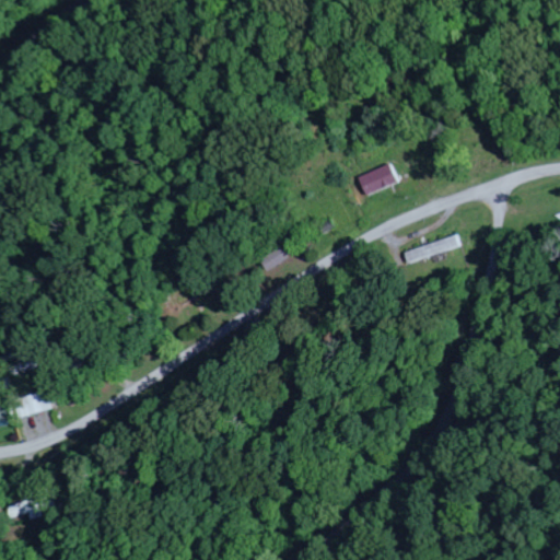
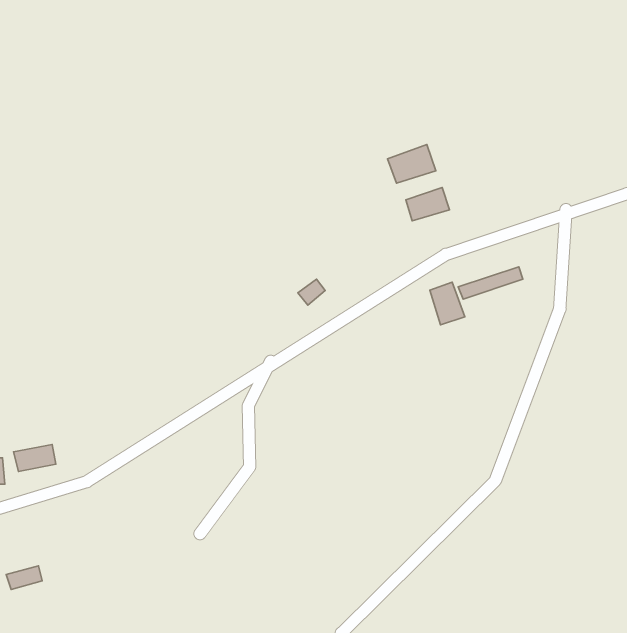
building: none -> [388,144,436,183]
building: none -> [430,282,465,325]

